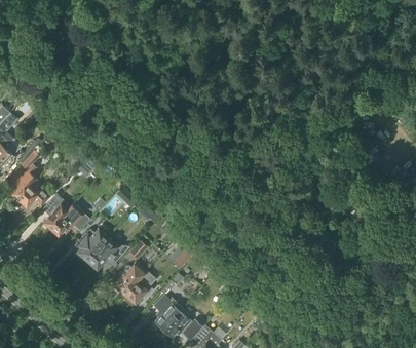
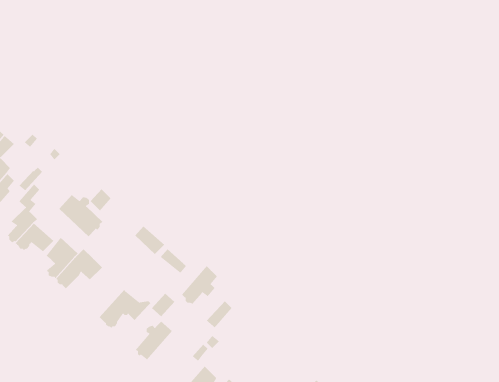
building: none -> [59,194,103,237]
building: [76,229,107,260] -> none
building: [125,271,155,303] -> [181,265,218,305]

